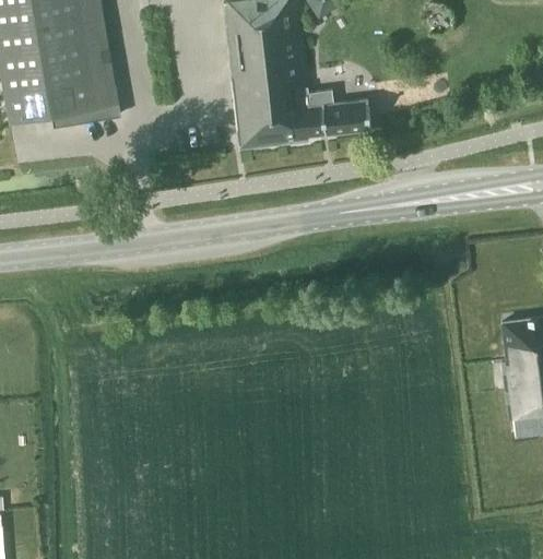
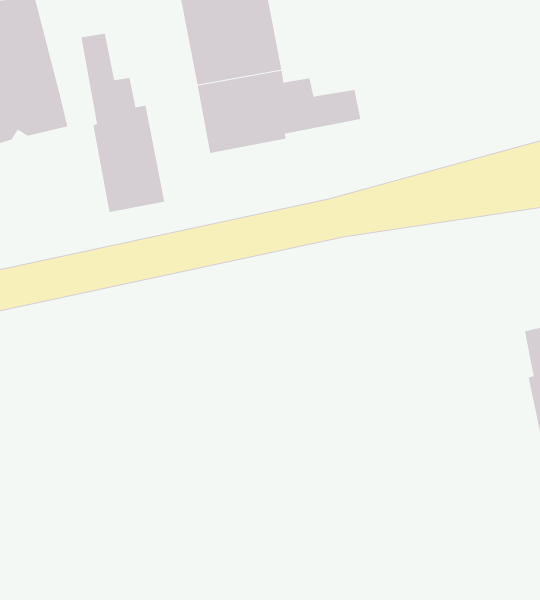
building: none -> [81,33,165,213]

